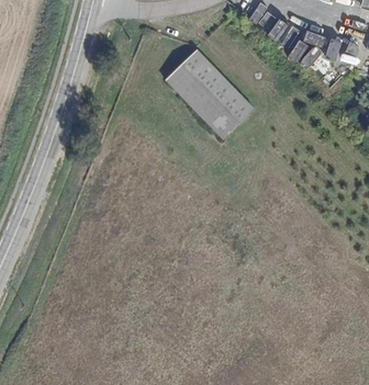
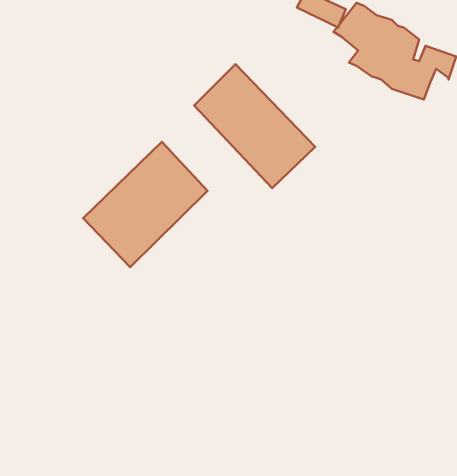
building: none -> [83,142,207,267]

